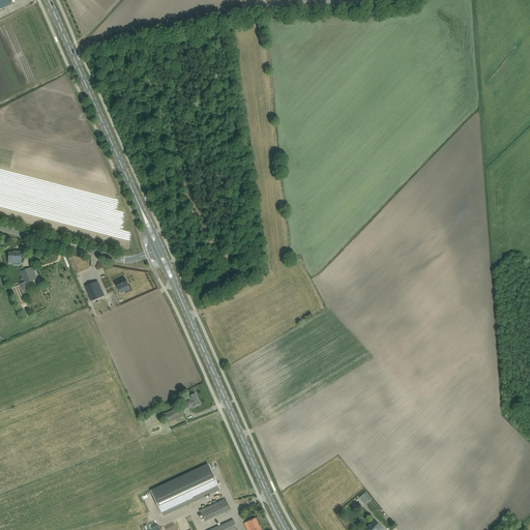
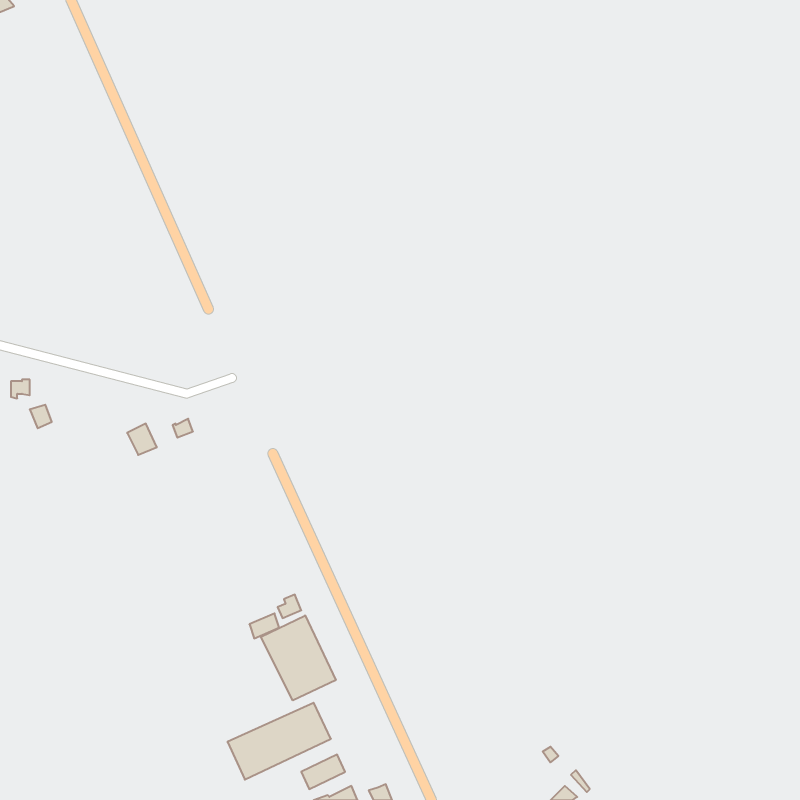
building: none -> [261,615,336,700]

